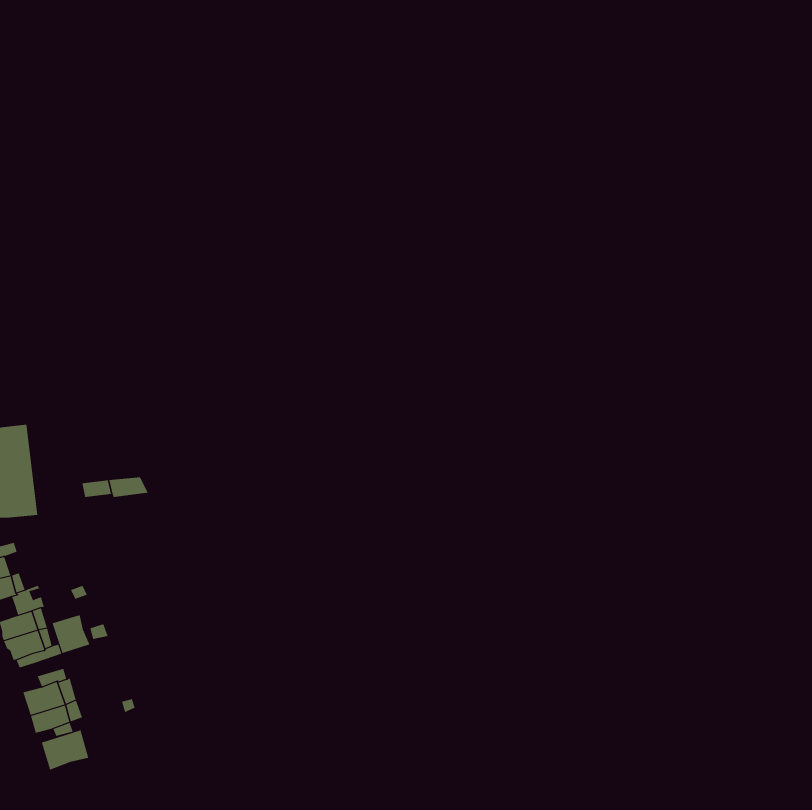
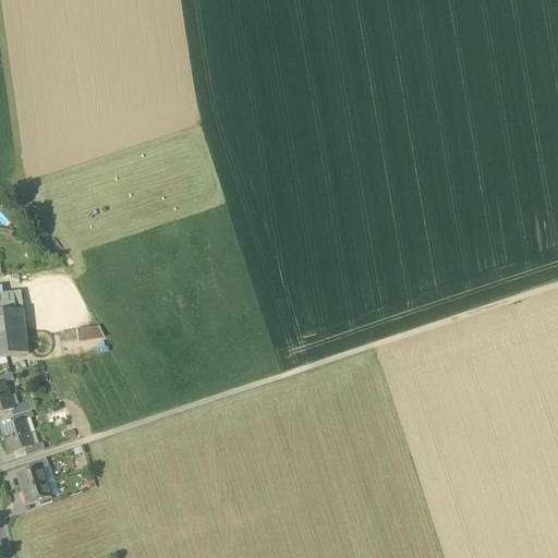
building: [52,614,90,654] -> none
building: [41,730,89,771] -> none

